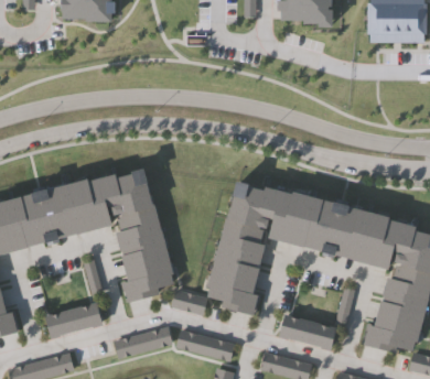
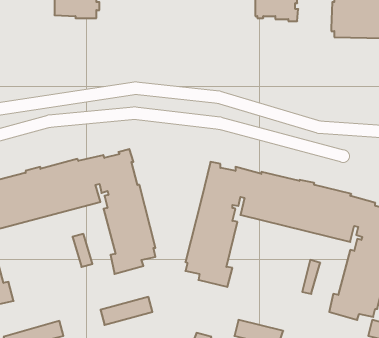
building: [170,290,207,315] -> none
building: [42,304,101,339] -> none
building: [278,317,337,350] -> none
building: [175,331,234,361] -> none

